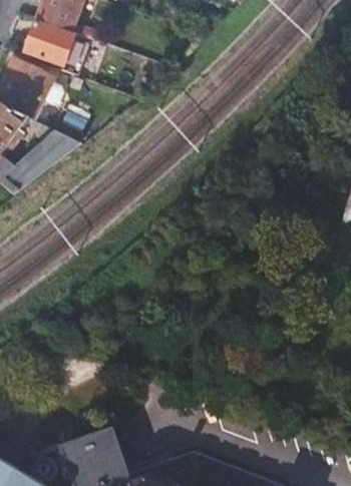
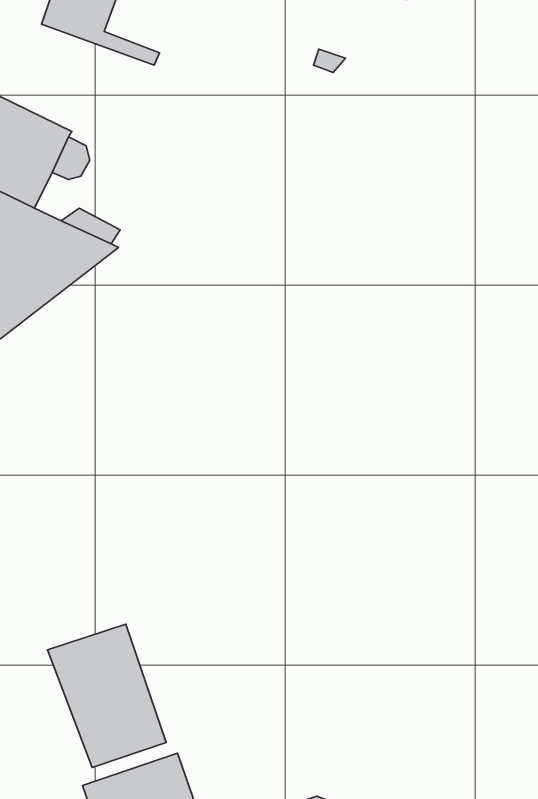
building: [23,22,72,65] -> none
building: none -> [47,624,166,768]

